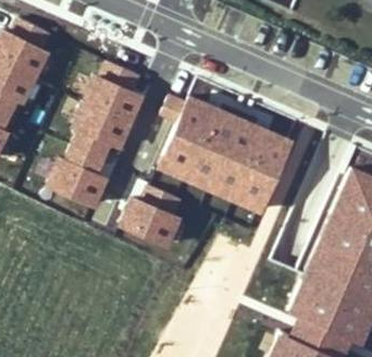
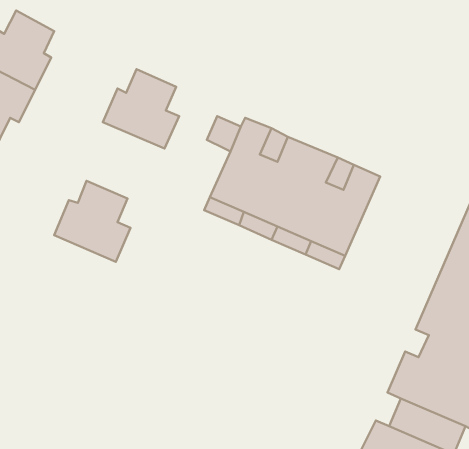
building: [70,108,127,164] -> none
building: [119,193,176,251] -> none

